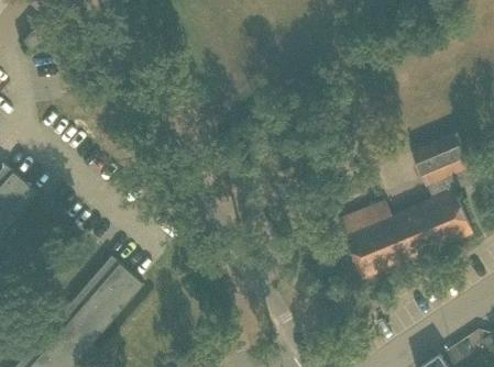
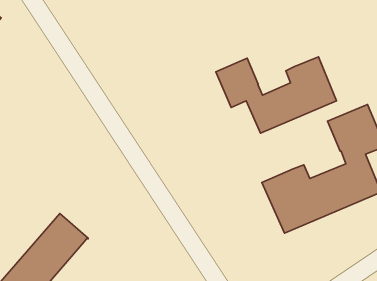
building: none -> [216,57,337,133]

